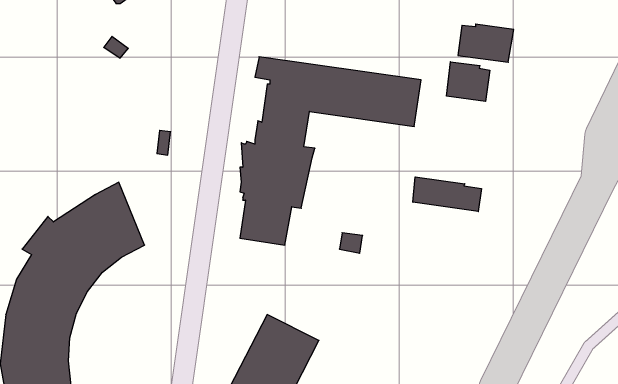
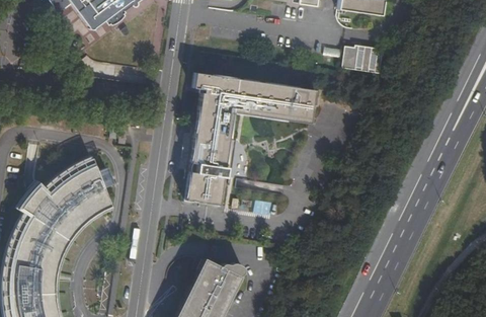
building: [447,62,490,101] -> none
building: [413,177,481,212] -> none

